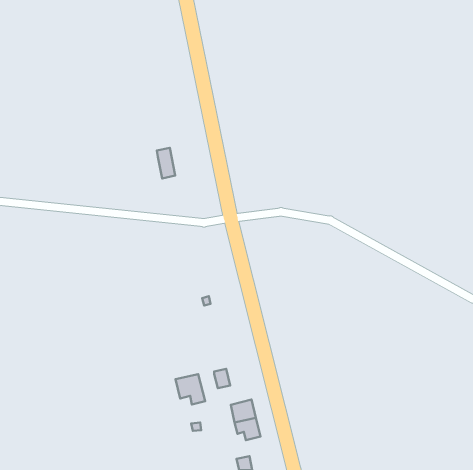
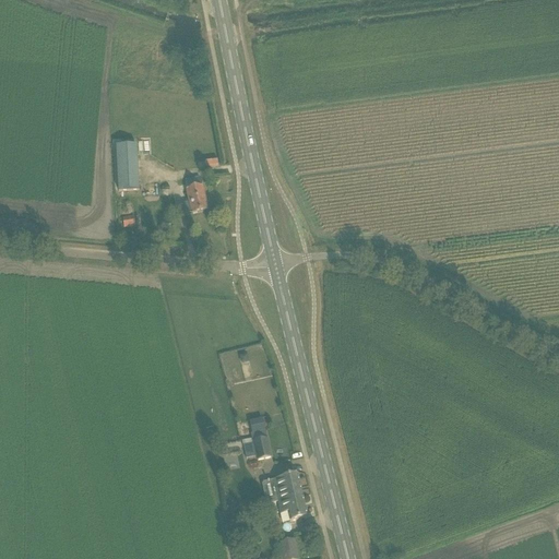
building: none -> [115,141,138,187]
building: [176,374,205,404] -> none

